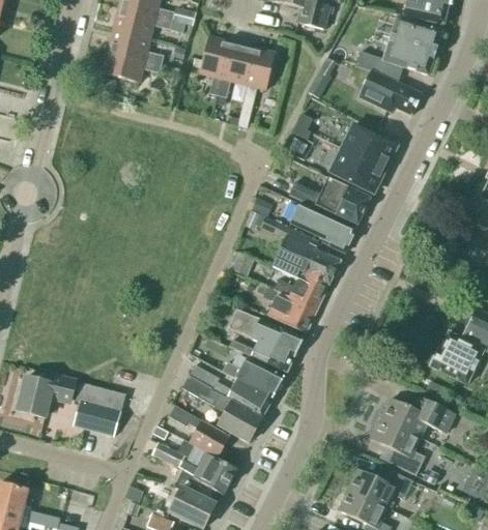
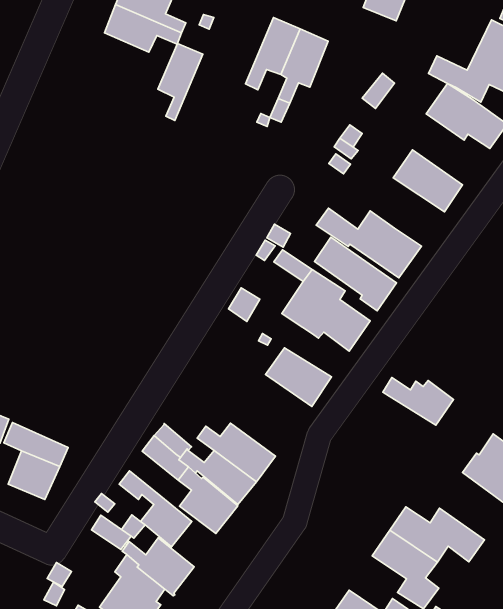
building: [199,36,229,95] -> [158,43,203,120]
building: [328,149,383,193] -> none
building: [272,275,327,308] -> [383,378,454,425]
building: [228,308,304,373] -> none

